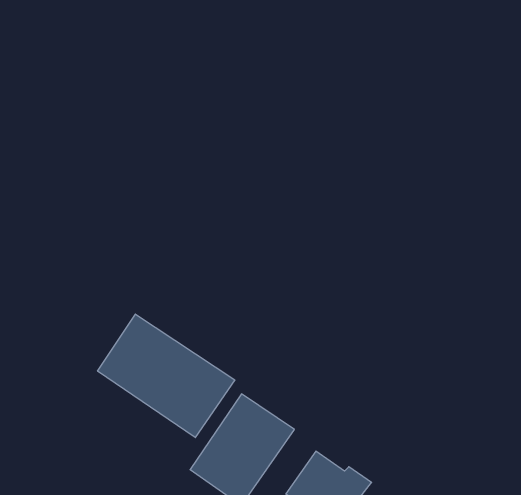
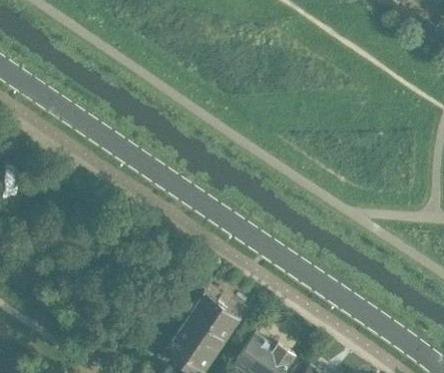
building: [98,314,235,438] -> none

